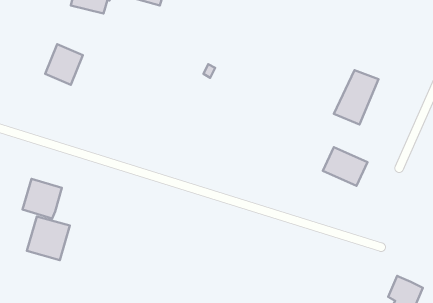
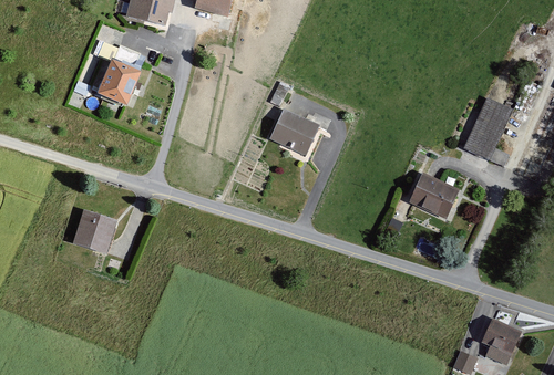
building: [334,70,378,125] -> [462,97,512,158]
building: none -> [268,107,319,155]
building: [27,217,70,260] -> none

